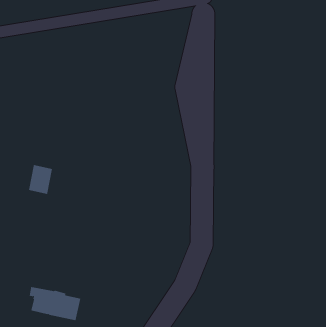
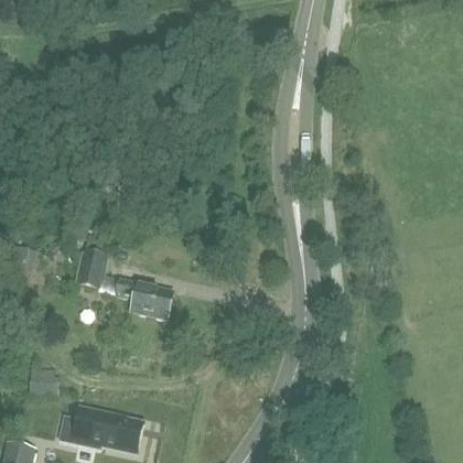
building: none -> [115,278,172,319]

